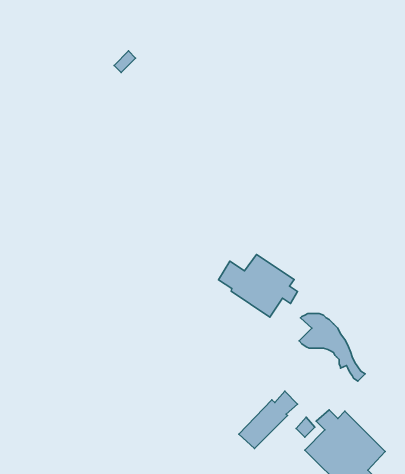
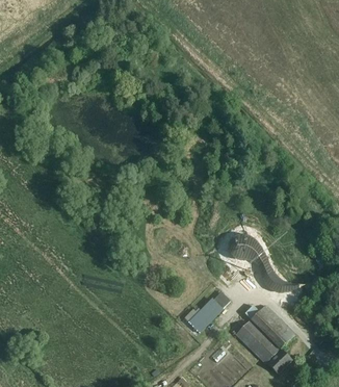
building: [218,254,298,317] -> none

